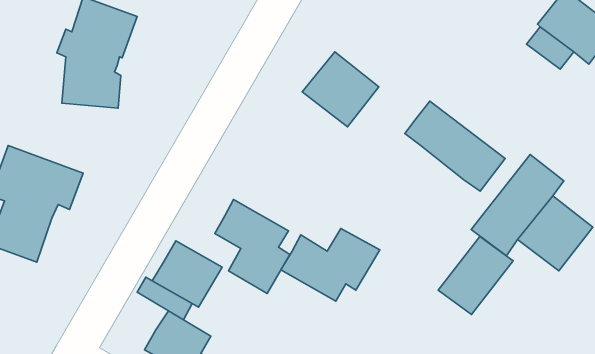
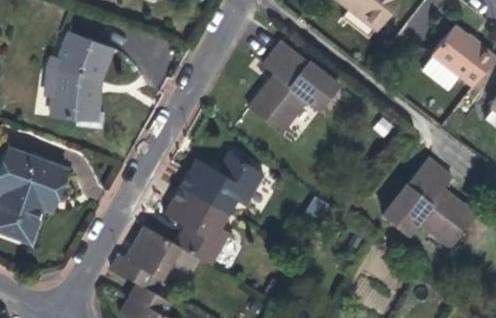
building: [405,101,505,191] -> [259,39,339,111]
building: [281,229,380,301] -> [190,159,269,217]
building: [438,236,513,314] -> none

